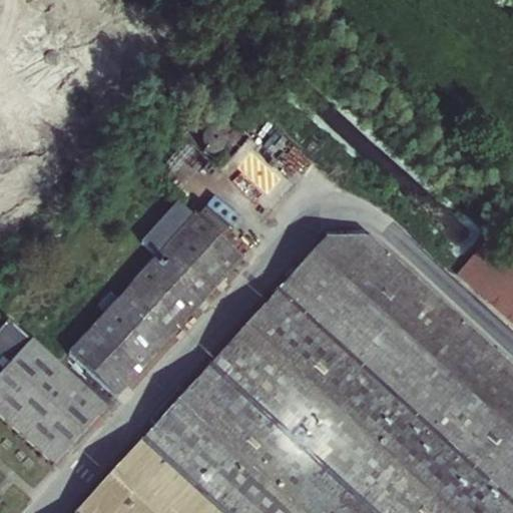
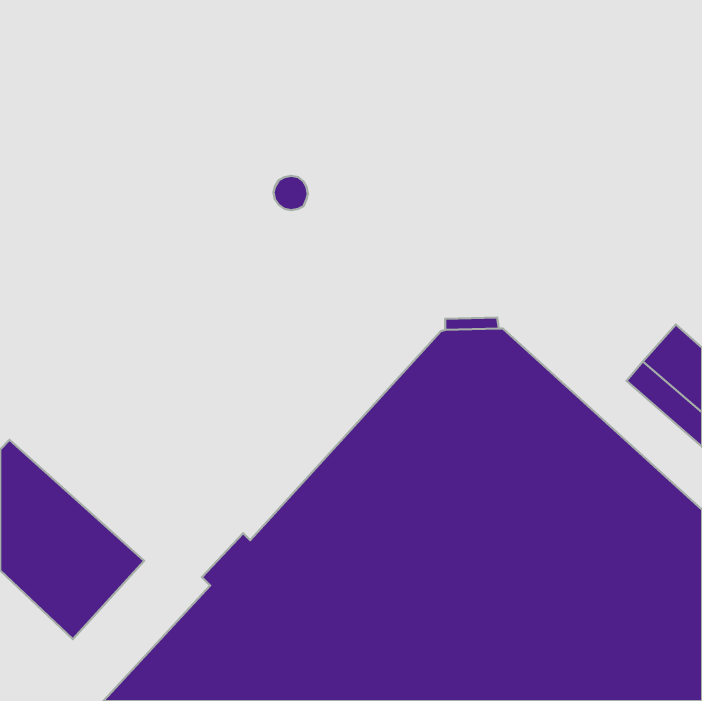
building: [67,202,240,398] -> none

